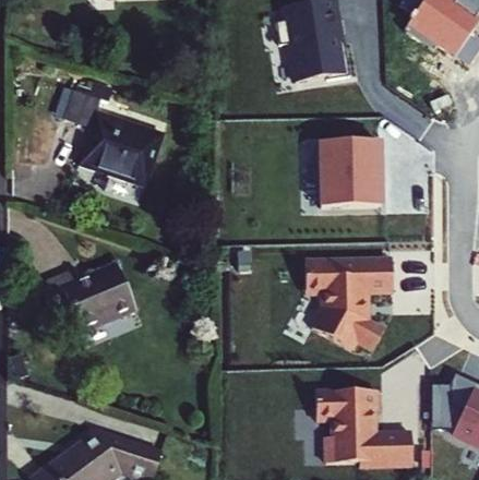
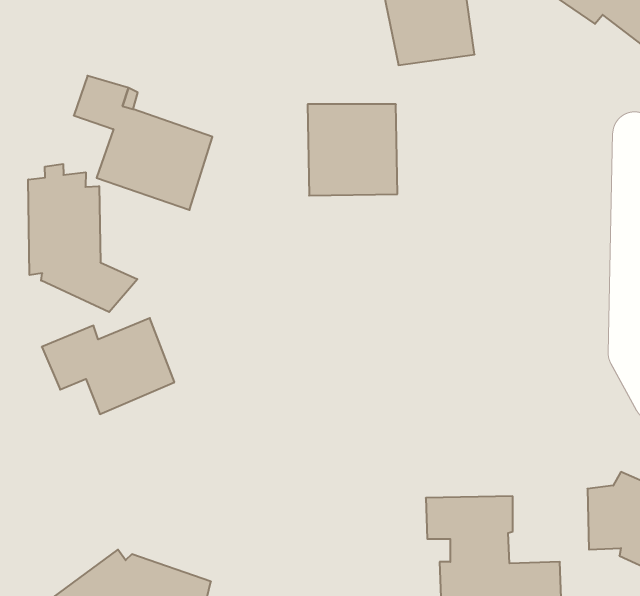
building: [320,142,384,207] -> [308,104,397,196]
building: none -> [28,164,137,312]
building: [304,254,394,352] -> none

